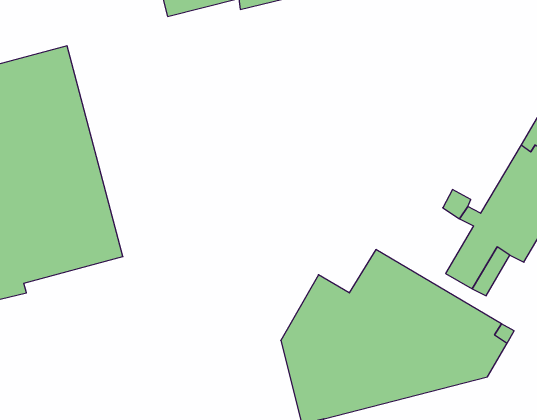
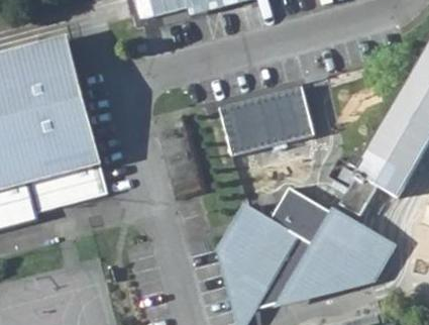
building: none -> [216,86,313,152]

